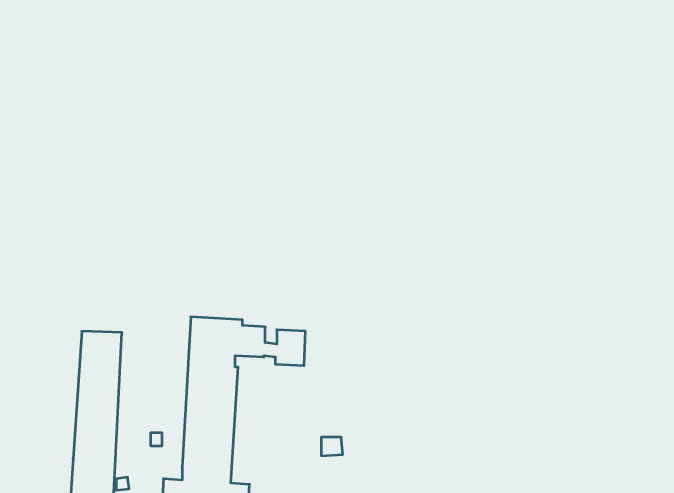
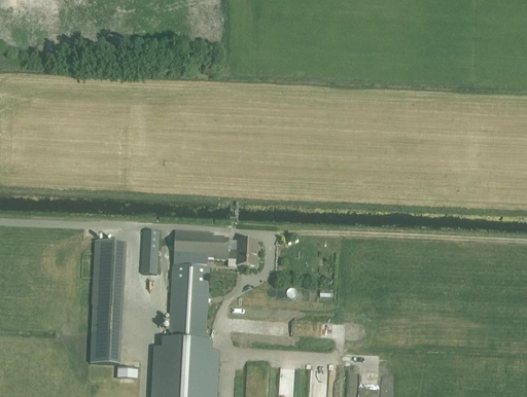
building: none -> [141,227,159,270]

